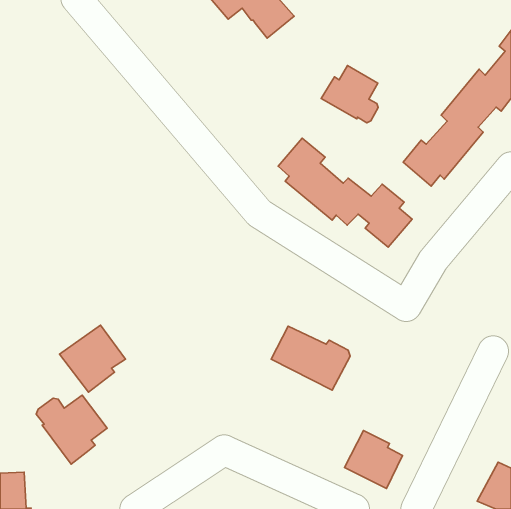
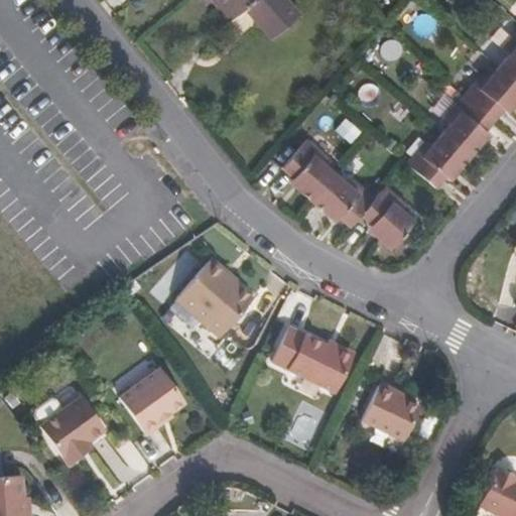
building: [321,65,378,123] -> none
building: none -> [176,257,256,338]
building: [60,325,126,392] -> [119,369,185,436]
building: [344,430,402,488] -> [363,381,421,439]

